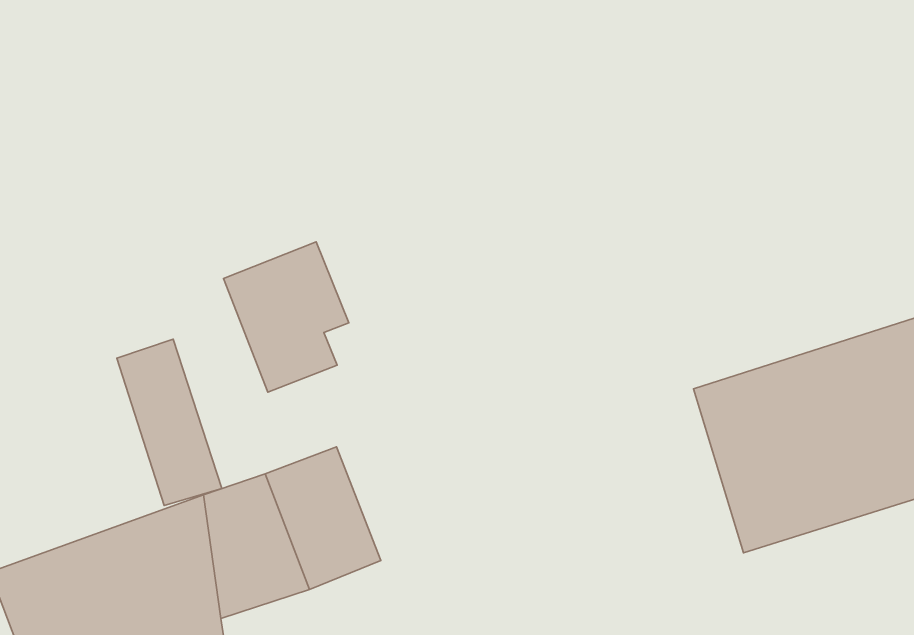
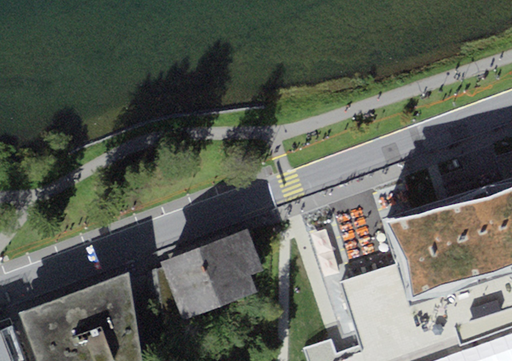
building: [223,242,349,392] -> [198,229,263,307]
building: [117,339,222,506] -> none

